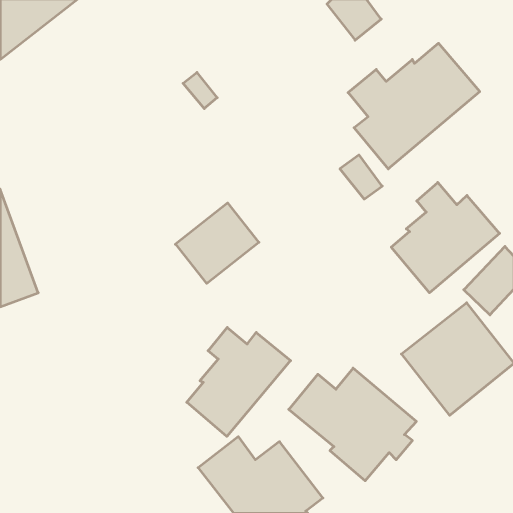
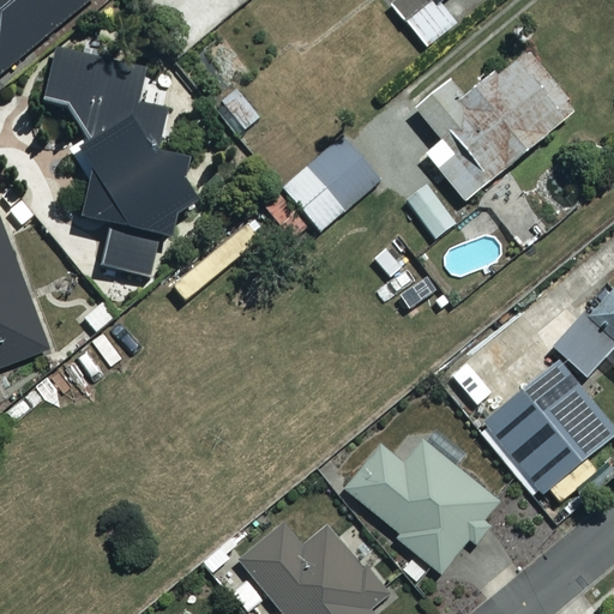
building: none -> [47,49,197,281]
building: [391,182,500,293] -> none
building: [175,203,259,283] -> [281,137,380,233]
building: [187,327,291,436] -> none

